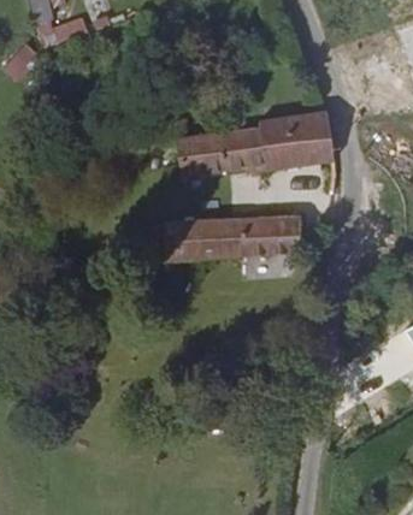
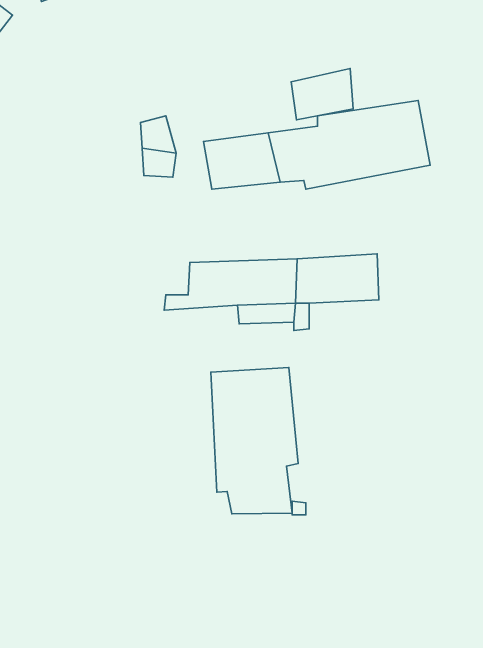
building: none -> [291,69,353,120]
building: none -> [211,368,298,514]

